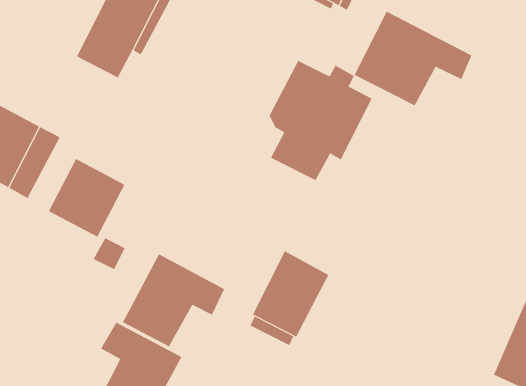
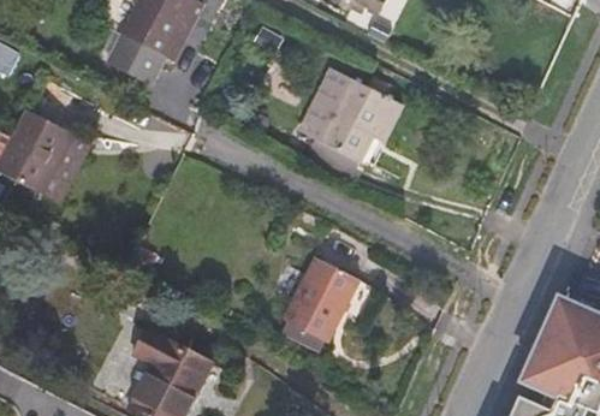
building: [354,11,472,106] -> none
building: [48,158,125,238] -> none
building: [122,253,225,347] -> none

